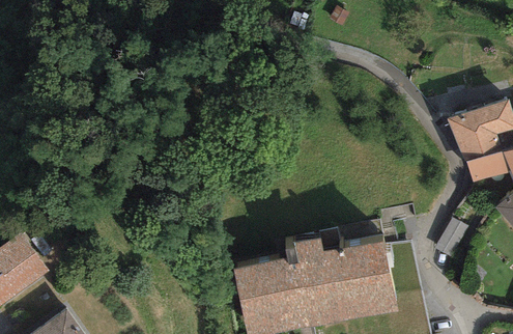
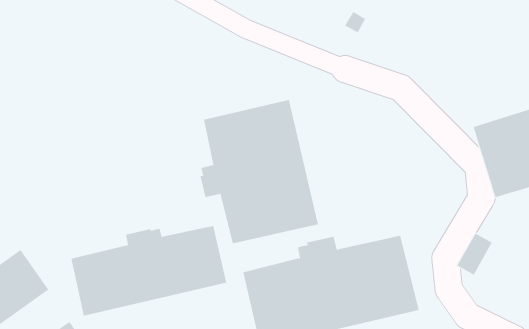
building: none -> [200,99,318,244]
building: none -> [71,225,227,316]

